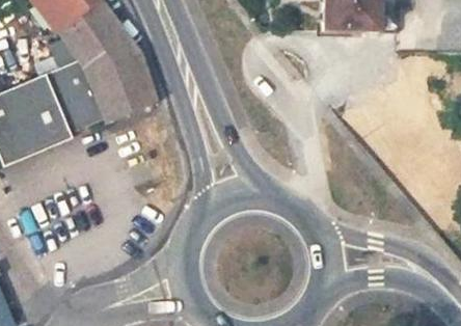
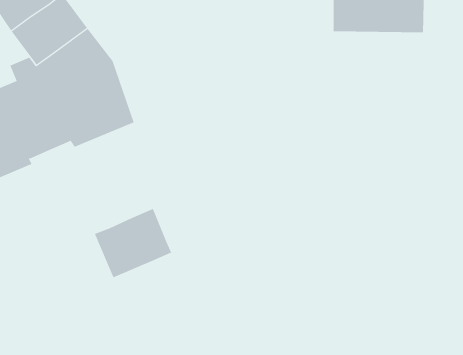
building: none -> [94,208,172,278]

